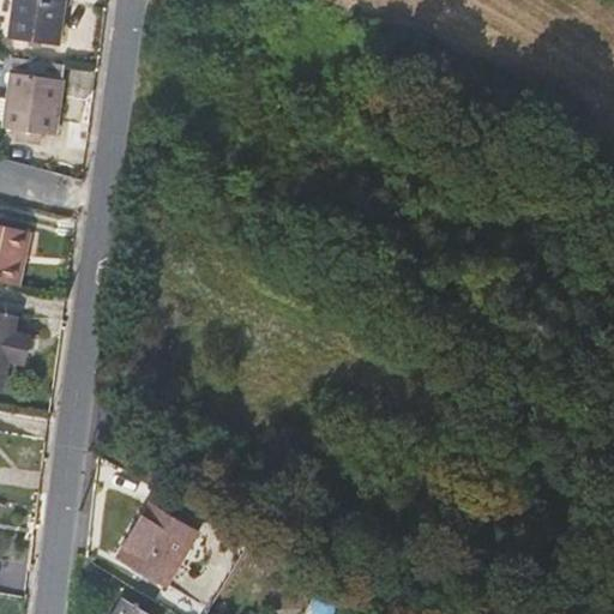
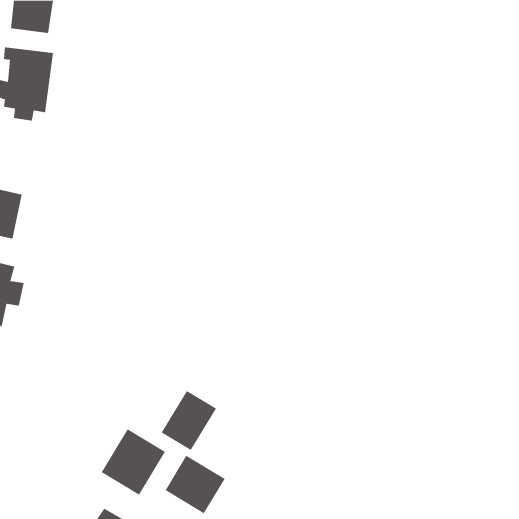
building: none -> [161,390,217,451]
building: none -> [165,455,225,514]

